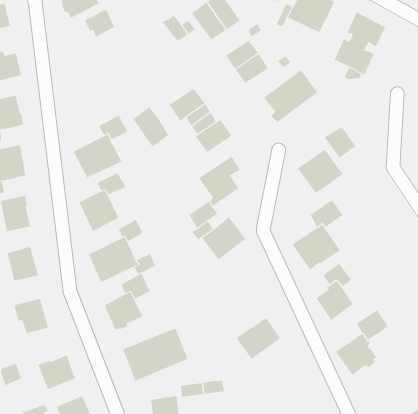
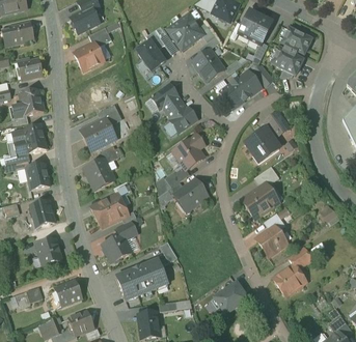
building: none -> [74,41,104,70]
building: [133,107,169,148] -> [137,40,164,70]
building: [236,317,281,359] -> [213,282,246,313]

